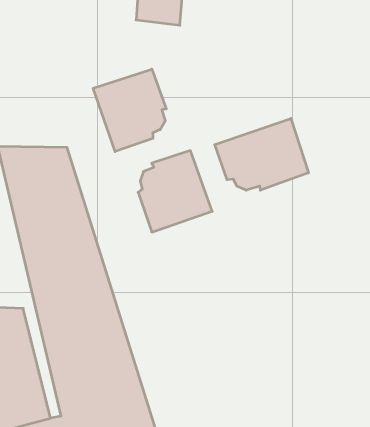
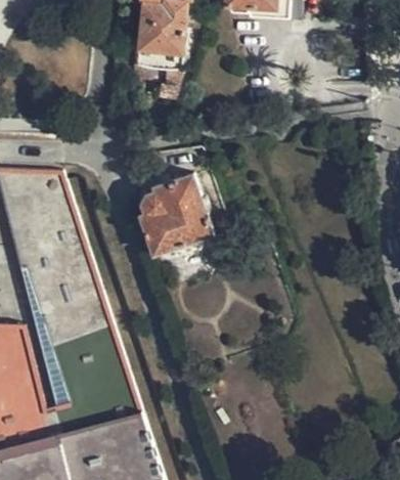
building: [93,69,166,152] -> none
building: [215,118,308,190] -> none

